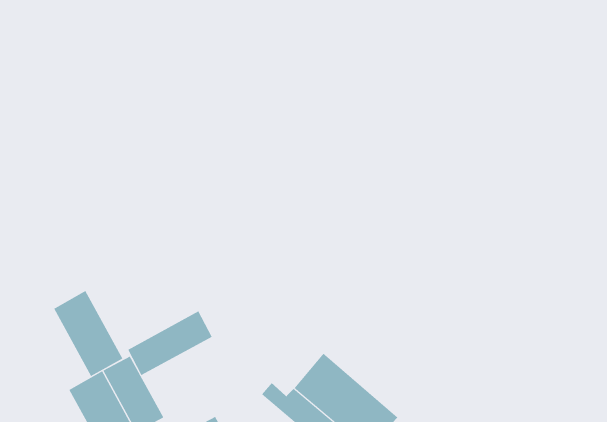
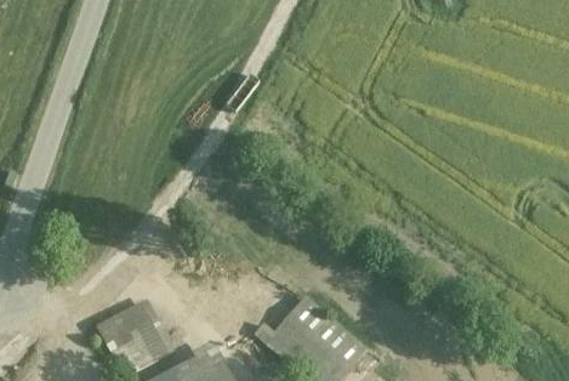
building: [53,290,123,377] -> none
building: [128,311,212,376] -> none

